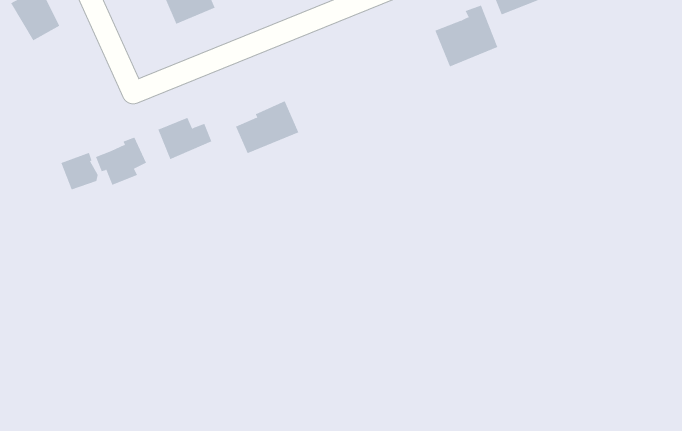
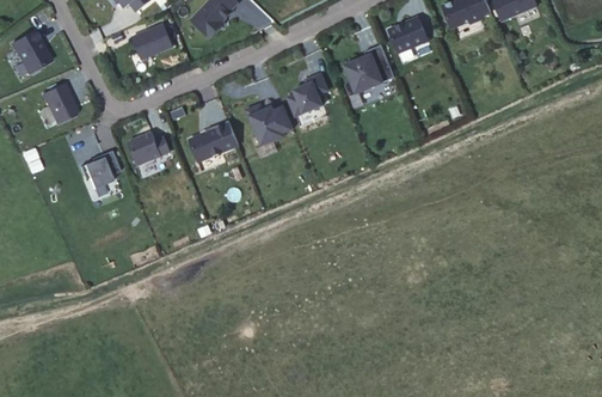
building: none -> [287,73,327,116]
building: none -> [245,104,291,145]
building: [61,152,99,190] -> [48,92,78,122]

